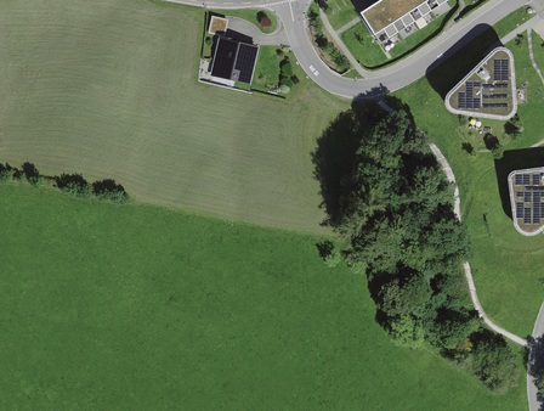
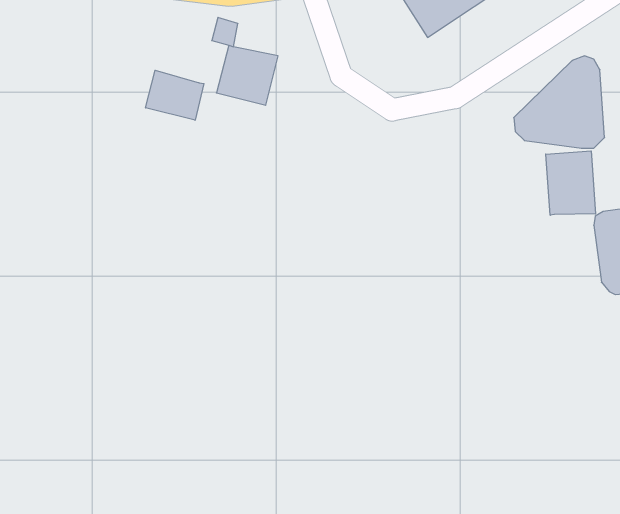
building: none -> [146,70,204,120]
building: none -> [546,151,595,215]

